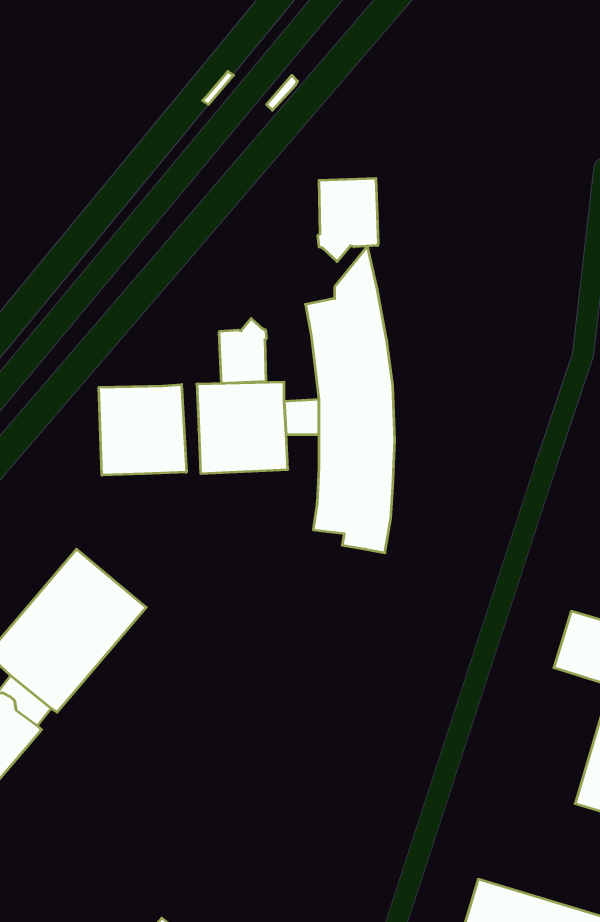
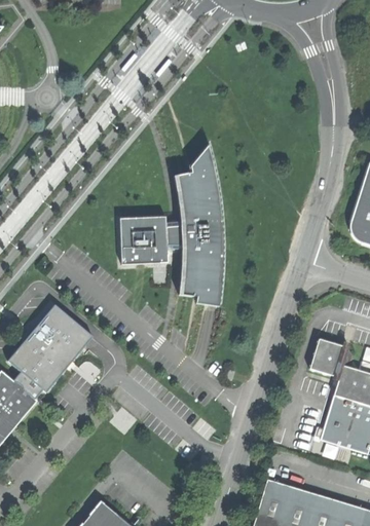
building: [318,178,378,262] -> none
building: [219,318,266,384] -> none
building: [99,384,186,475] -> none

